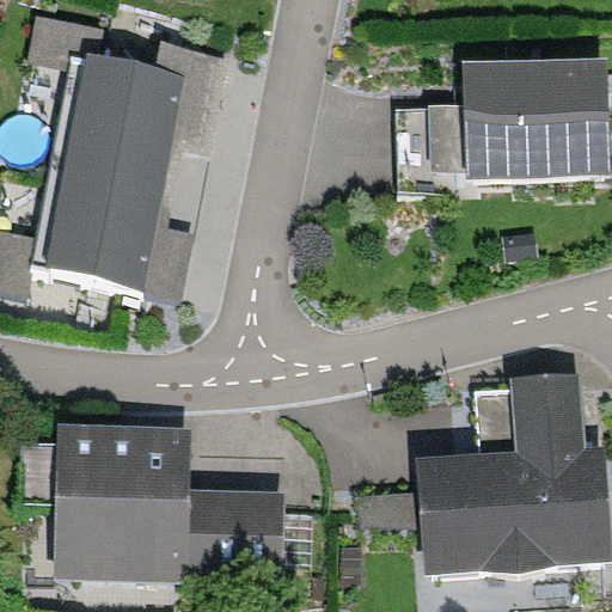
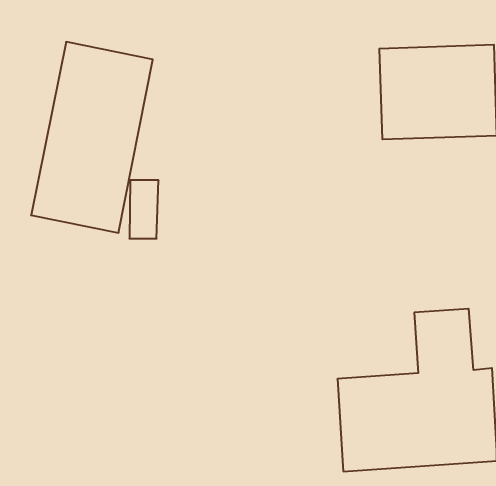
building: [405,96,470,170] -> none
building: [51,430,286,587] -> none

